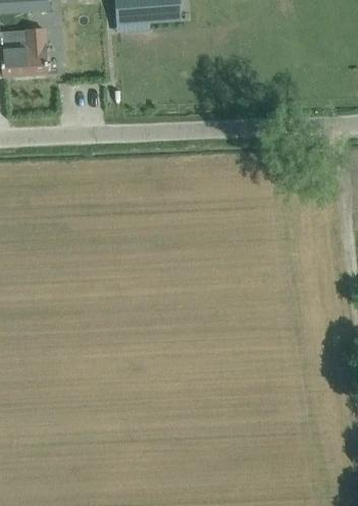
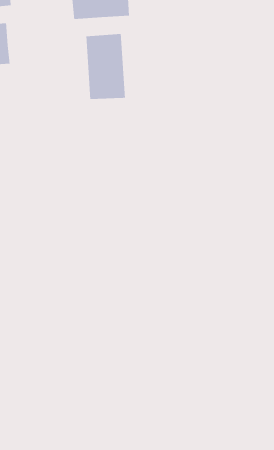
building: none -> [85,33,126,100]

